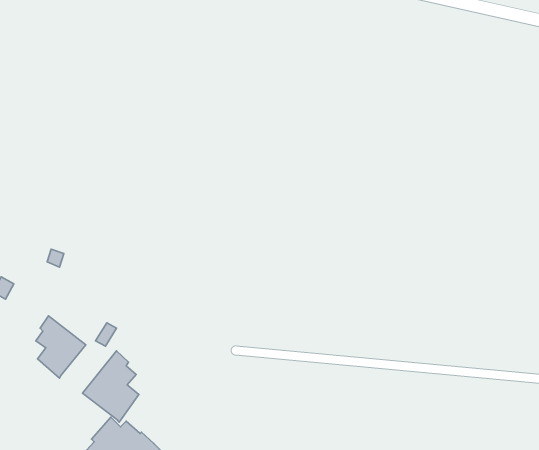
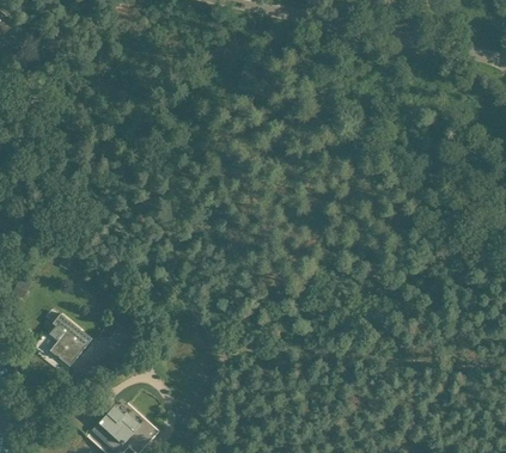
building: [82,351,139,422] -> none

